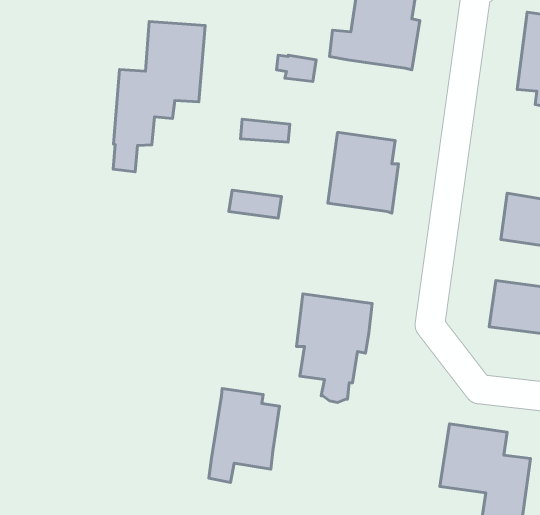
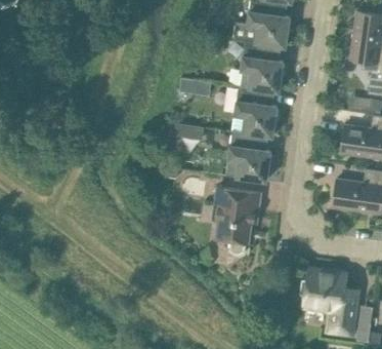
building: [113,21,205,172] -> none
building: none -> [240,41,284,91]
building: none -> [225,130,270,181]
building: [209,389,280,482] -> none

